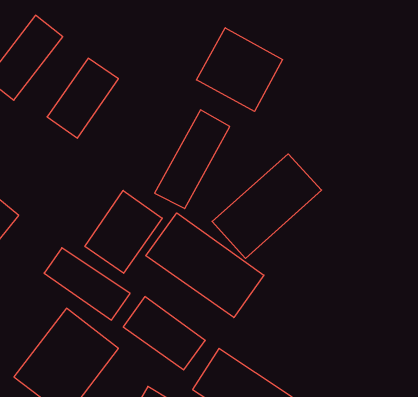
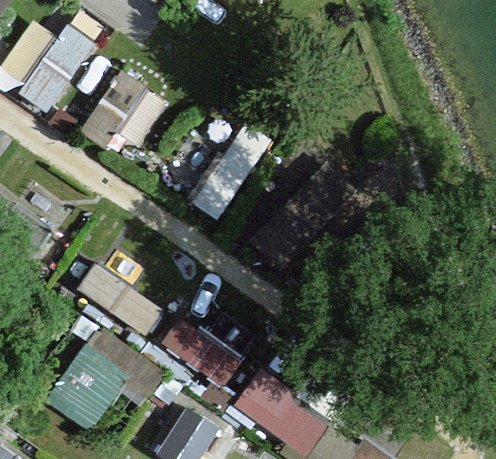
building: [196,28,283,111] -> none
building: [85,190,162,273] -> none
building: [146,213,264,318] -> none

